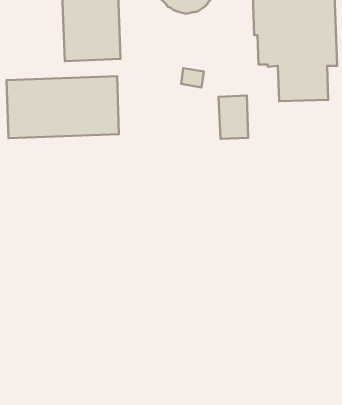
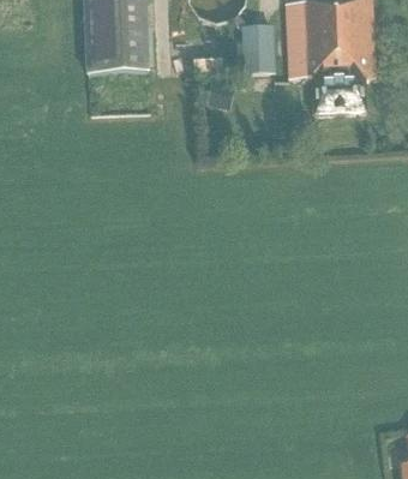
building: [7,76,119,138] -> none
building: [218,96,248,139] -> [242,28,274,73]

